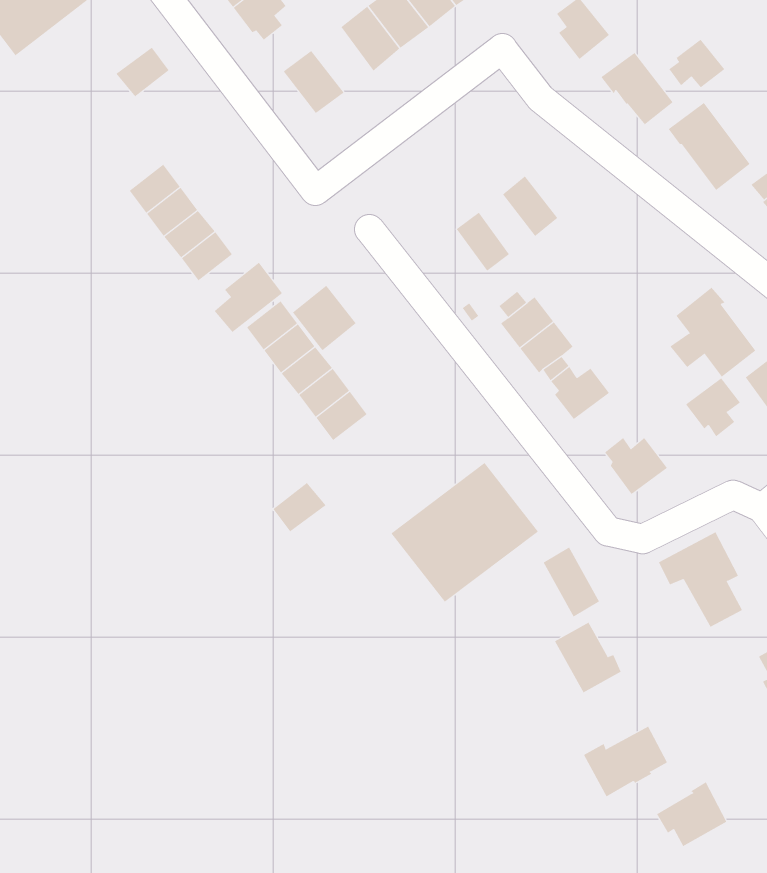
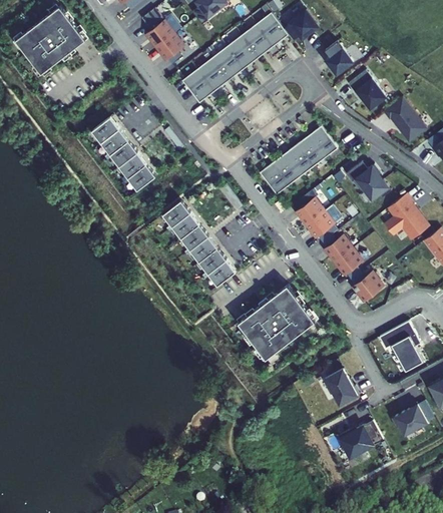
building: none -> [197,58,230,92]
building: [669,39,725,88] -> none
building: [115,47,169,97] -> [92,117,120,143]
building: none -> [309,126,338,157]
building: none -> [285,145,314,176]
building: none -> [346,162,392,200]
building: none -> [260,163,289,195]
building: [214,262,283,333] -> none
building: [292,285,356,351] -> none
building: [685,377,741,437] -> [334,248,363,280]
building: [273,482,327,532] -> [208,260,237,286]
building: [543,546,600,618] -> none
building: [656,781,727,847] -> [391,403,428,437]

